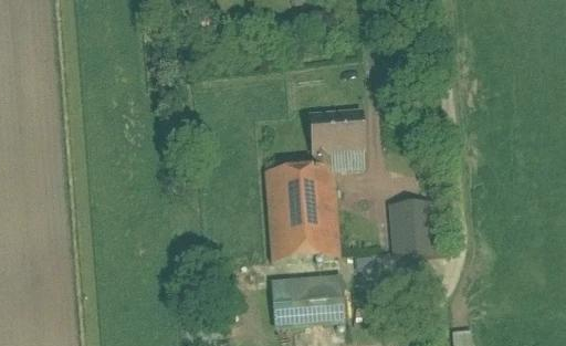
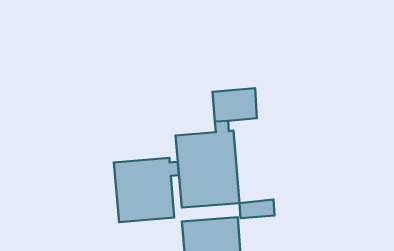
building: none -> [114,158,179,222]
building: [390,201,437,255] -> none

